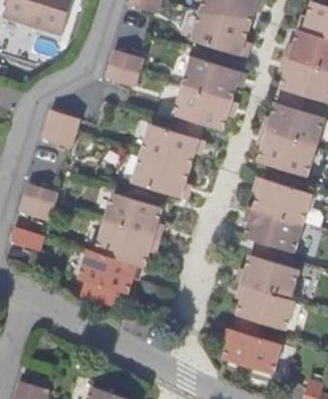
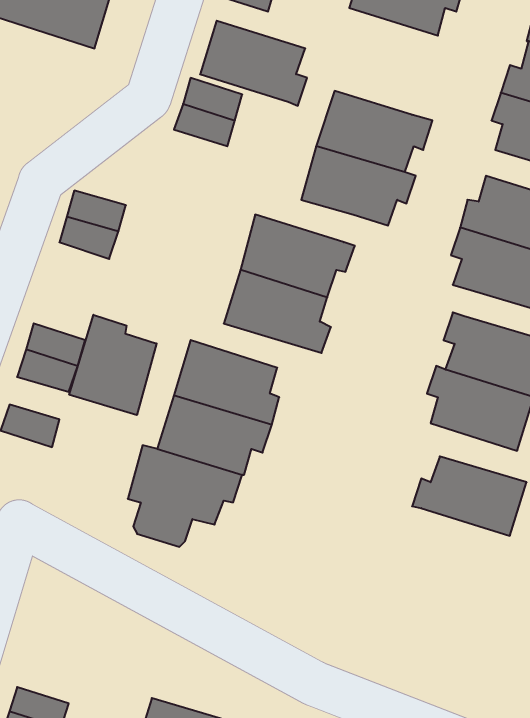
building: [192,11,251,57] -> [200,21,307,106]
building: none -> [69,315,157,415]
building: [235,283,294,330] -> none
building: [222,328,281,373] -> none

